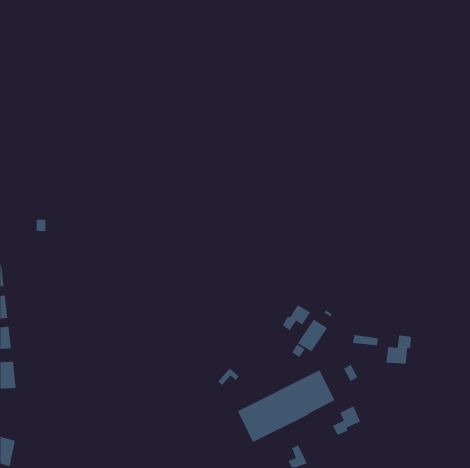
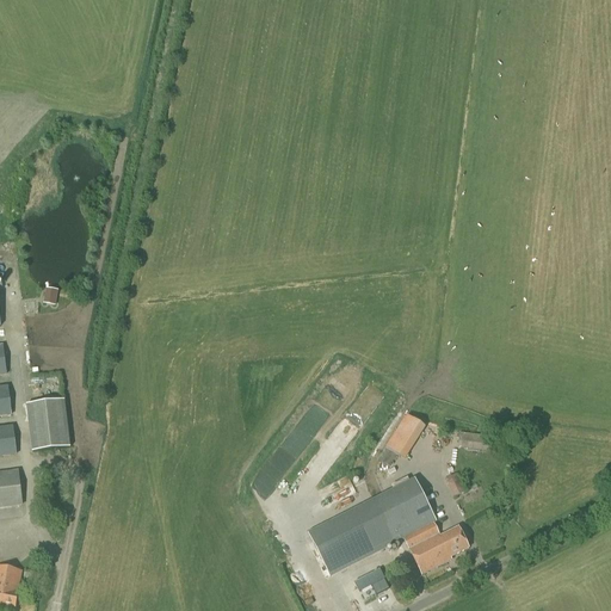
building: [282,304,311,331] -> none
building: none -> [27,394,72,446]
building: [386,334,412,365] -> none
building: none -> [402,519,444,572]

